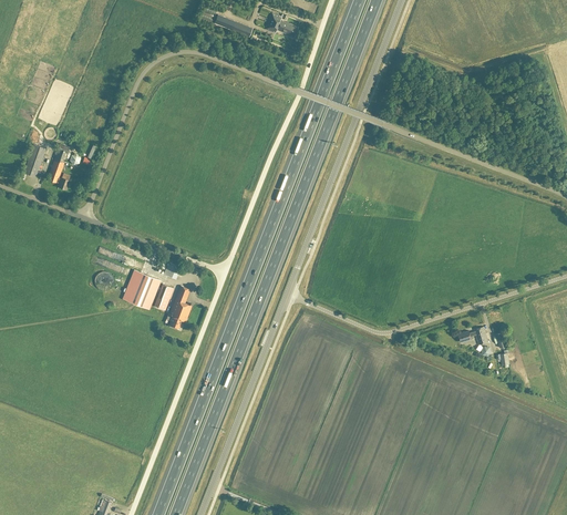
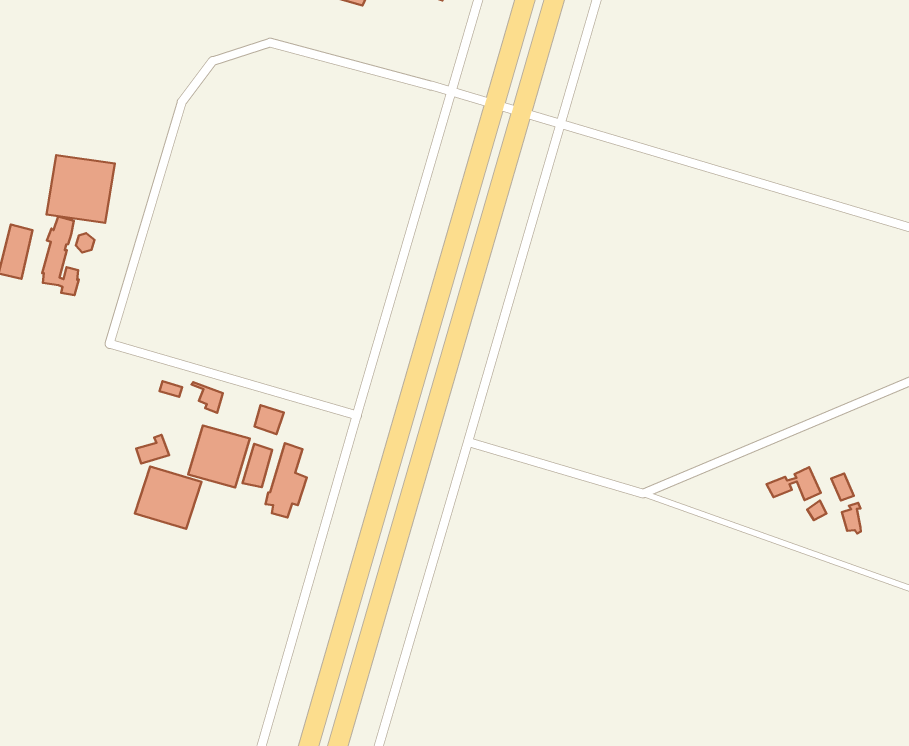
building: none -> [47,155,115,223]
building: none -> [135,466,202,529]

